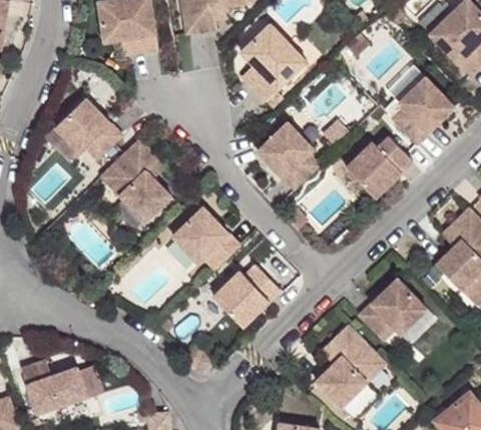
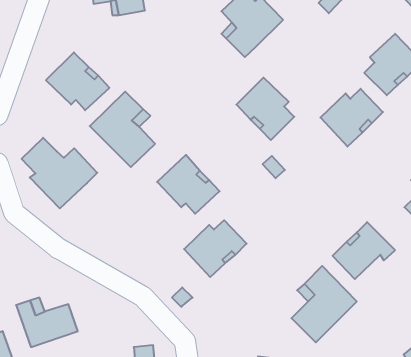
building: none -> [22,138,97,208]

